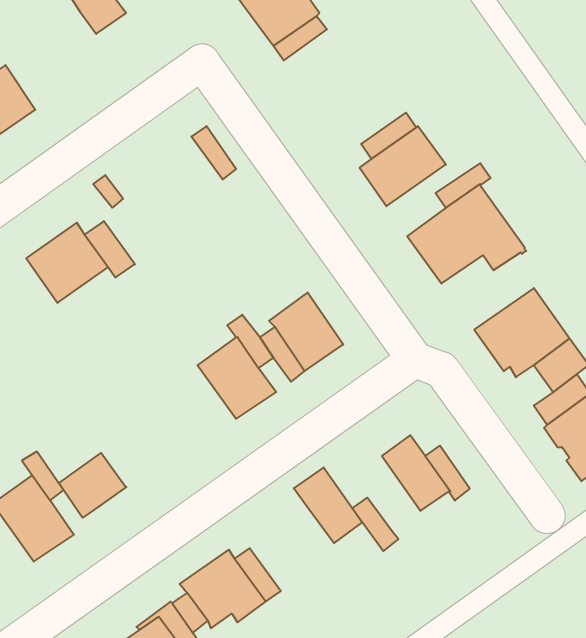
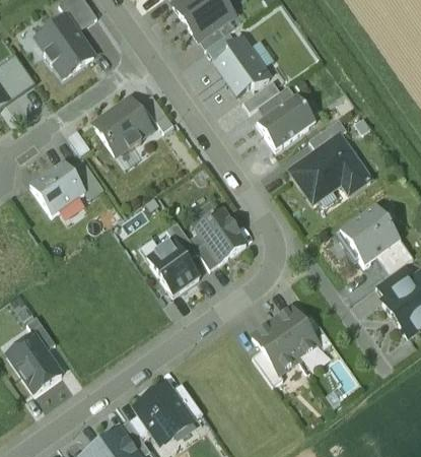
building: none -> [36,15,93,76]
building: none -> [215,38,269,93]
building: none -> [93,97,151,152]
building: [59,453,126,518] -> none
building: [294,467,362,543] -> [252,319,298,371]

